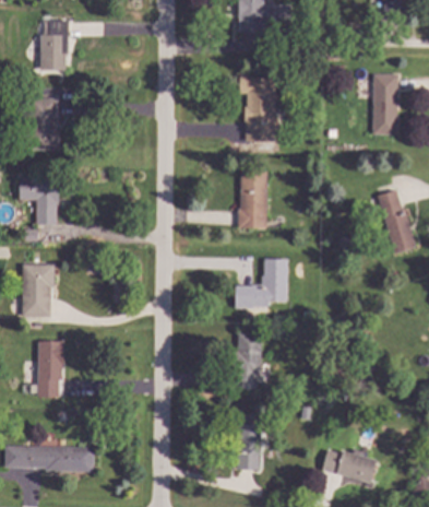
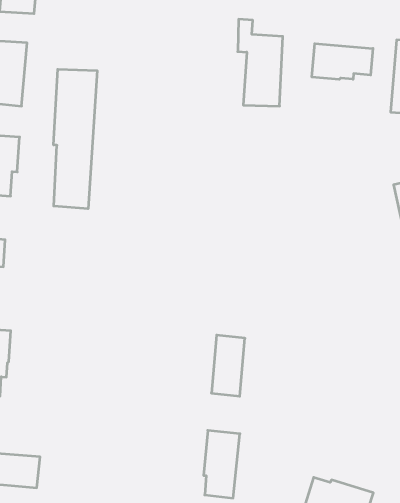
building: none -> [312,44,373,79]
building: none -> [54,69,97,209]
building: [238,169,267,231] -> none
building: [235,259,287,308] -> none

